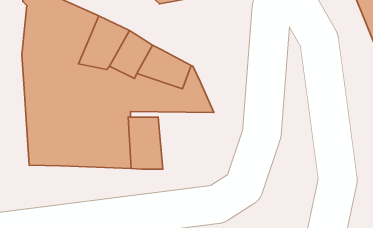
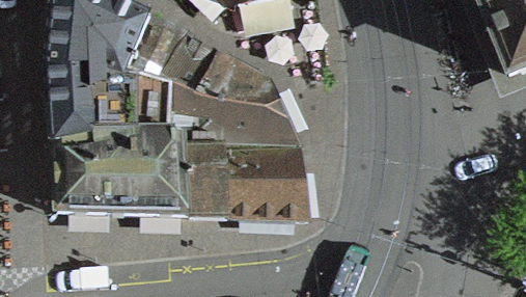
building: none -> [223,153,308,222]

